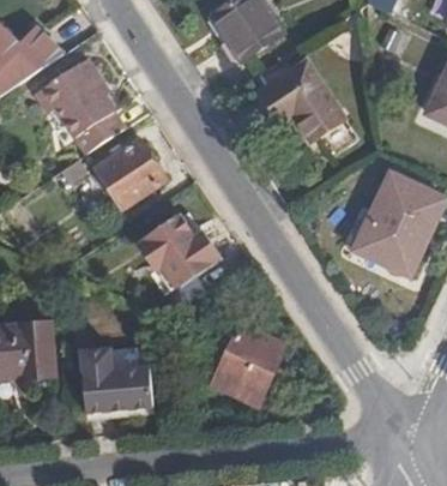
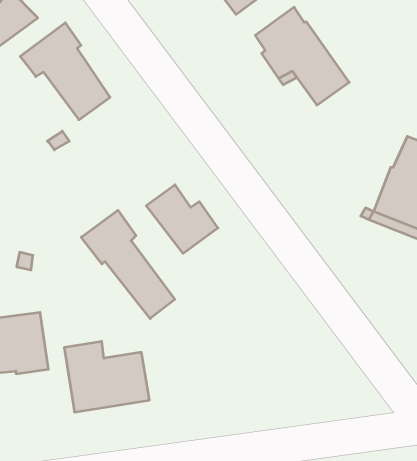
building: [98,138,164,203] -> none
building: none -> [81,210,175,319]
building: [215,319,284,402] -> none

